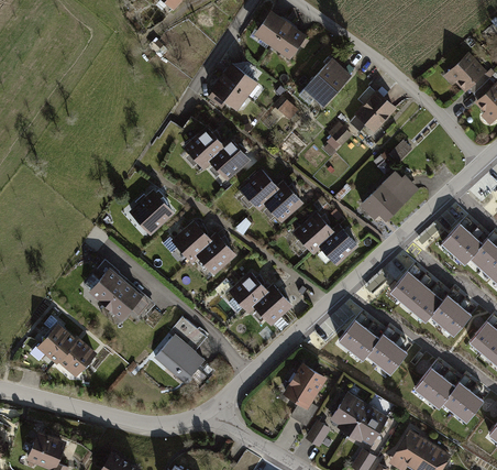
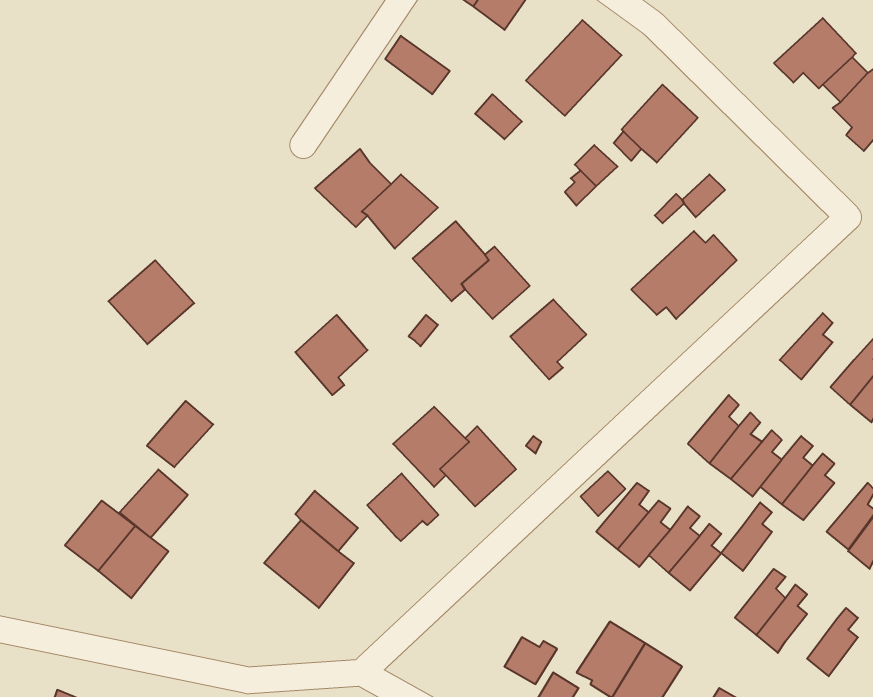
building: [210,75,246,108] -> none
building: [125,188,174,236] -> [108,260,194,344]
building: [317,222,357,265] -> none
building: [454,228,484,265] -> none
building: [194,231,235,275] -> none
building: [101,281,140,319] -> [119,469,188,538]
building: none -> [367,473,438,541]
building: [281,362,324,406] -> none
building: [445,374,474,413] -> [721,502,772,571]

